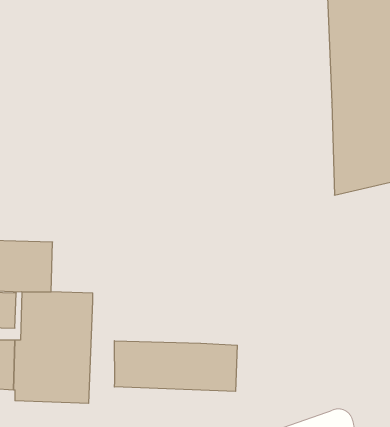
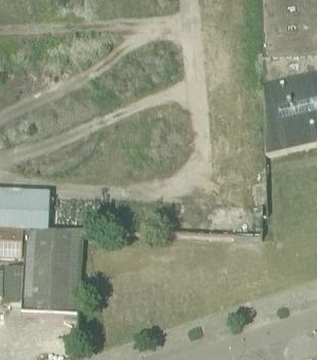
building: [114,341,237,391] -> none

